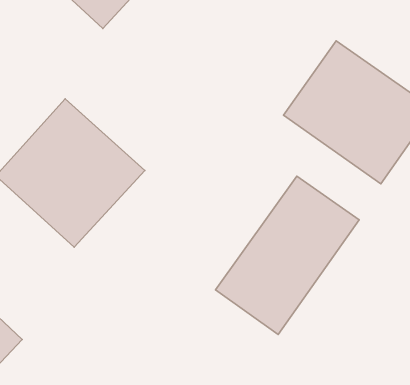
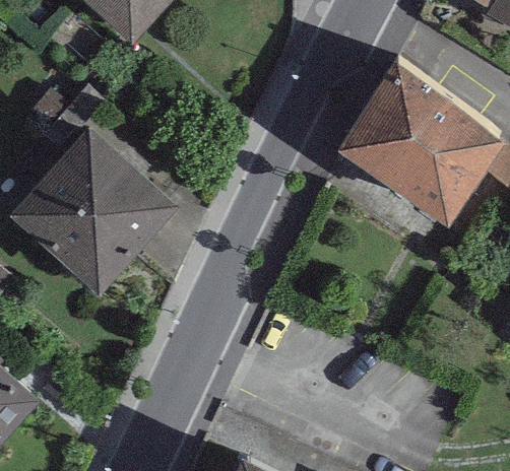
building: [216,176,359,334] -> none

